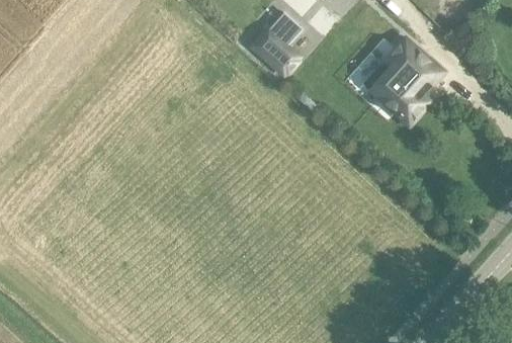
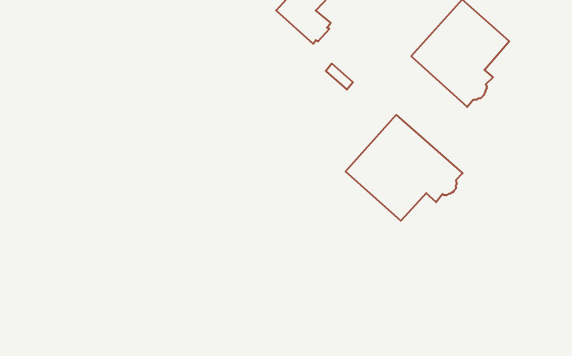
building: none -> [346,115,463,221]

